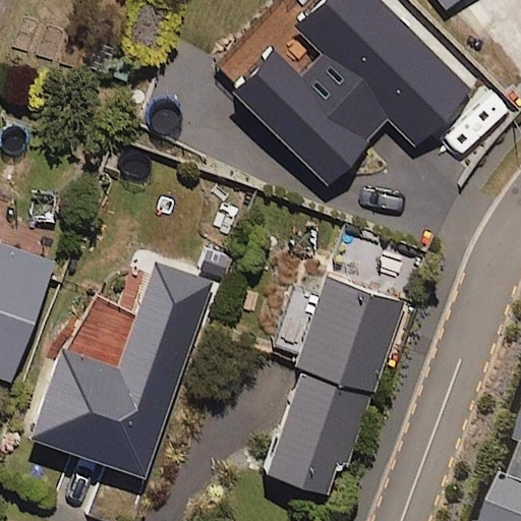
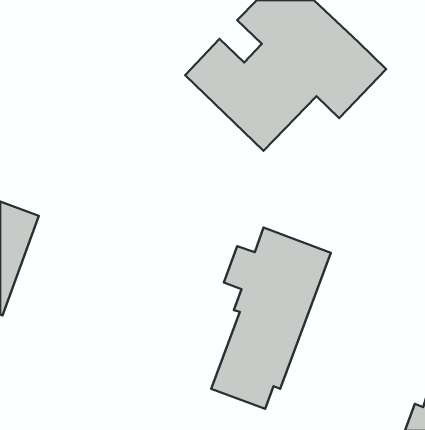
building: [27,293,201,477] -> none

